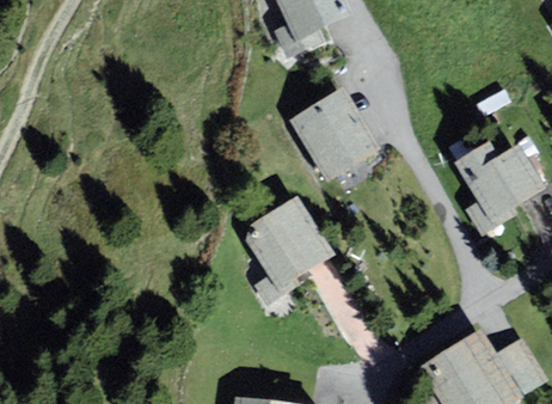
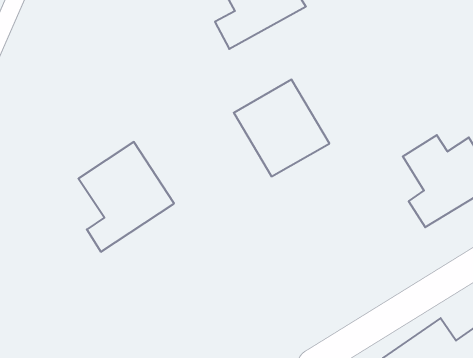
building: [237,196,333,307] -> [78,142,174,252]

